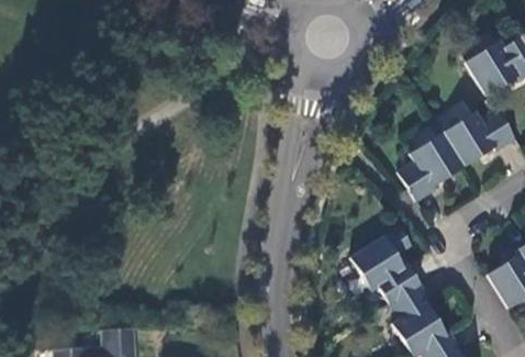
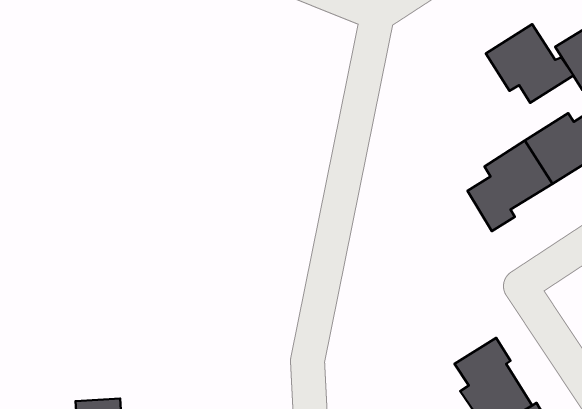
building: none -> [486,24,573,103]
building: [351,227,421,303] -> none

